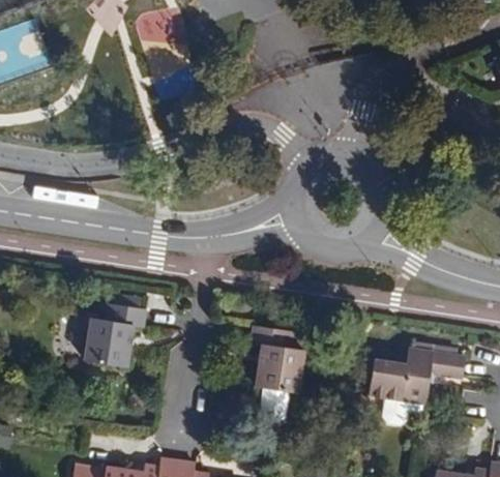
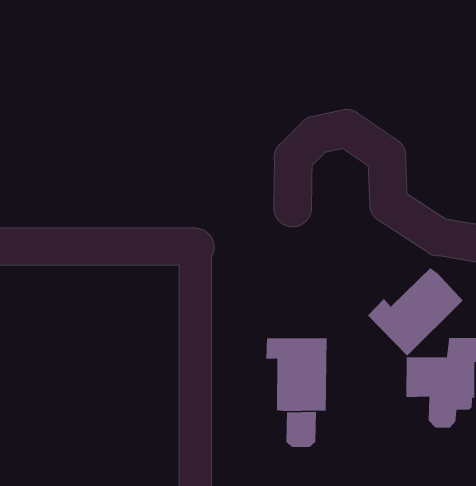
building: none -> [367,267,464,356]
building: [84,301,147,367] -> none

